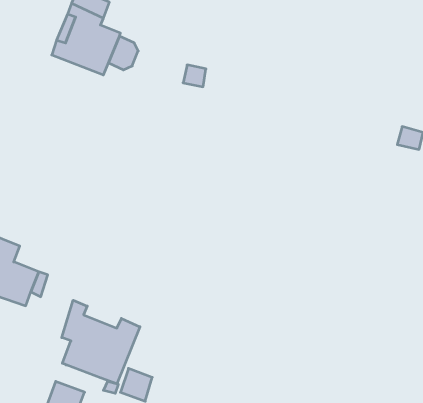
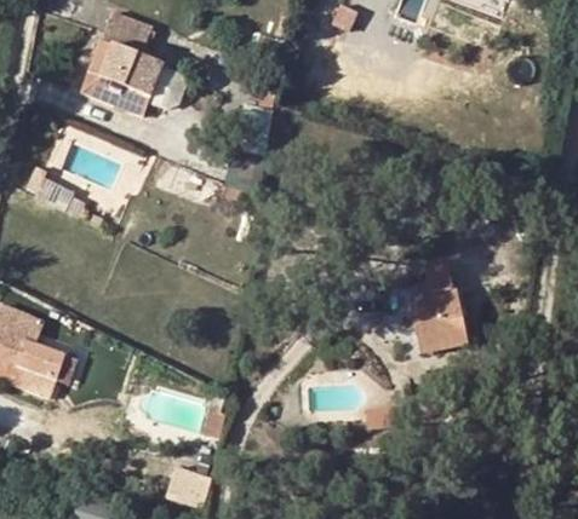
building: none -> [411,290,464,348]
building: [62,300,140,384] -> none

